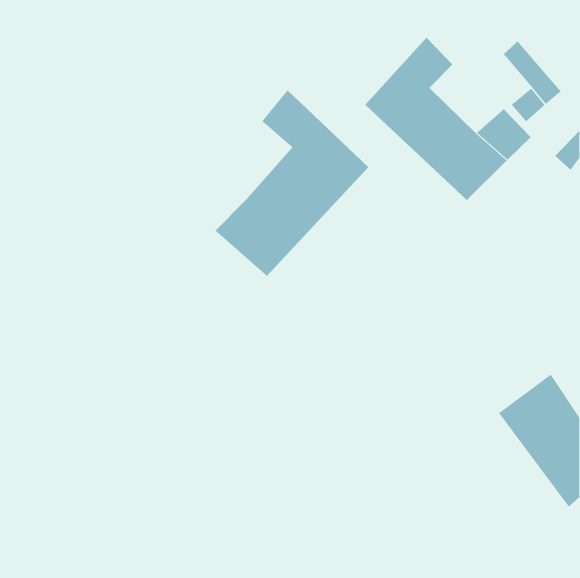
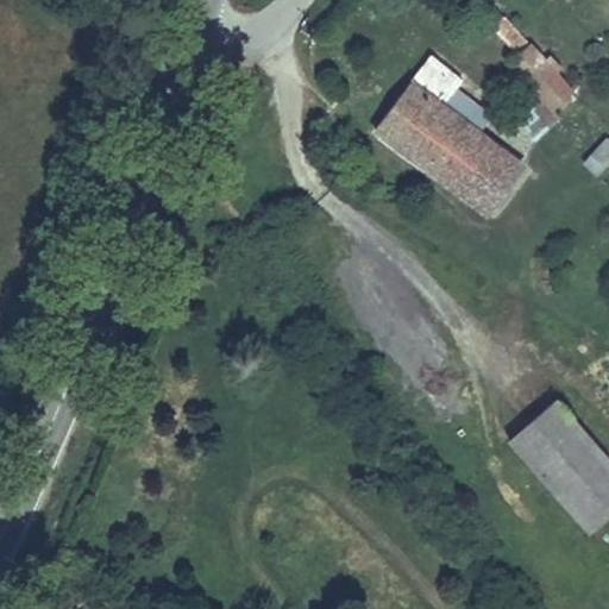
building: [215,90,369,277] -> none

